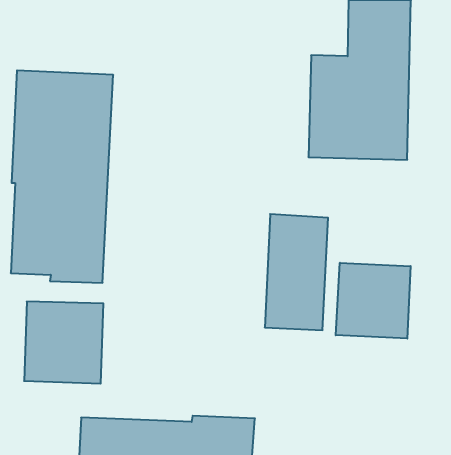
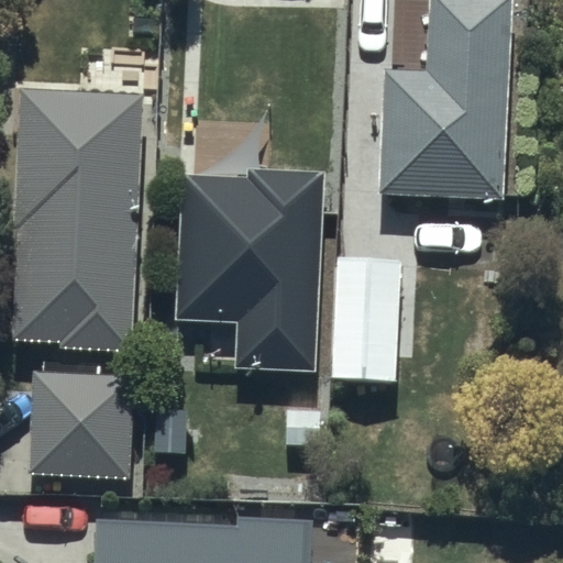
building: none -> [177,169,327,373]
building: [336,263,411,339] -> none

